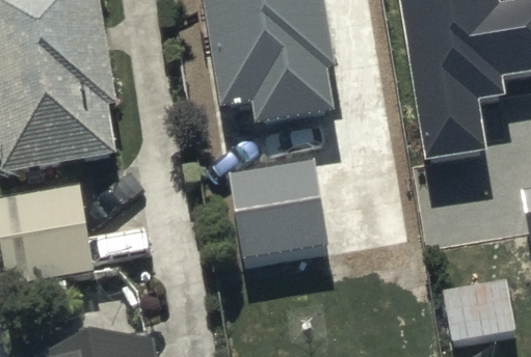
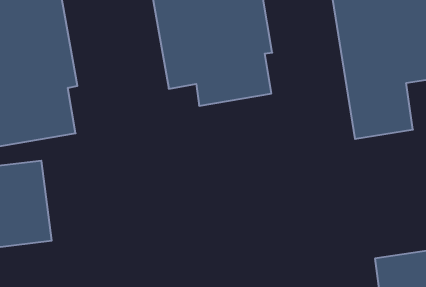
building: [230,158,326,262] -> none

